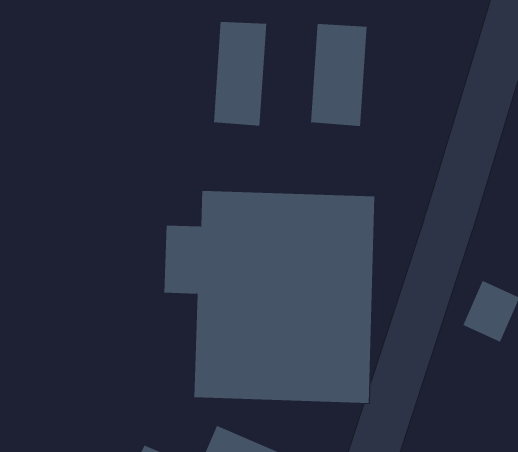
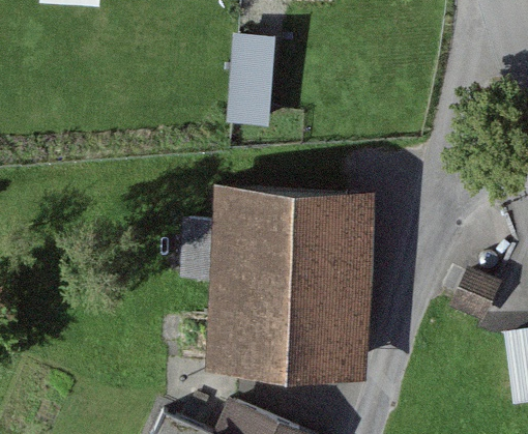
building: [310,23,367,127] -> none

